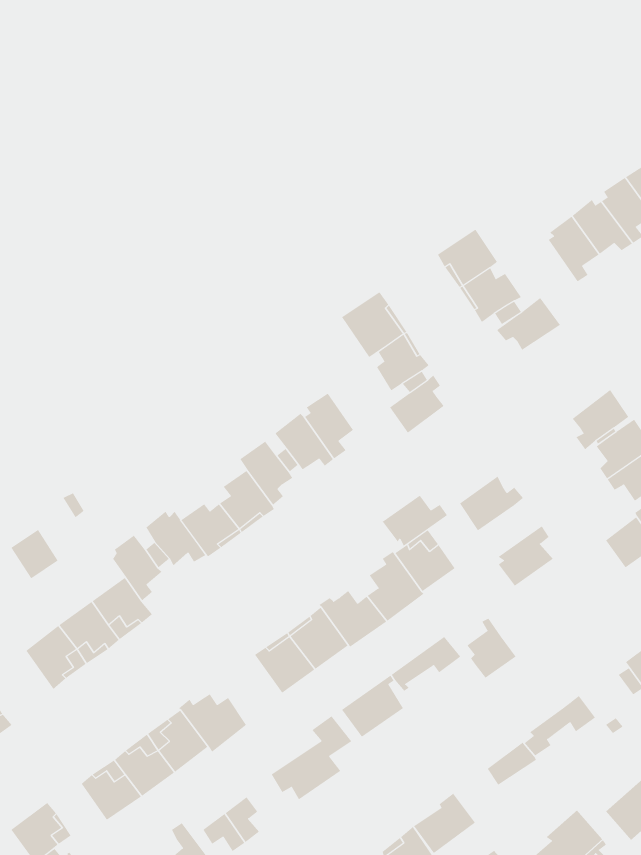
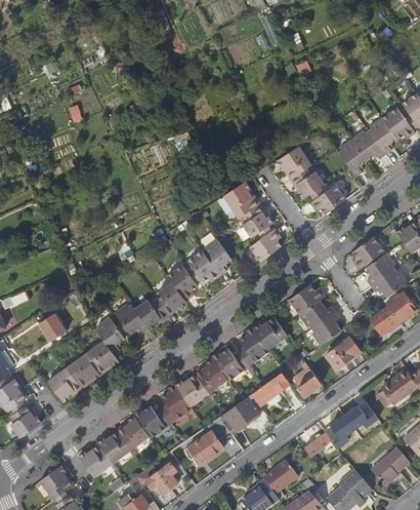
building: [381,495,448,547] -> [298,300,335,328]
building: none -> [326,336,361,369]
building: none -> [161,382,193,422]

